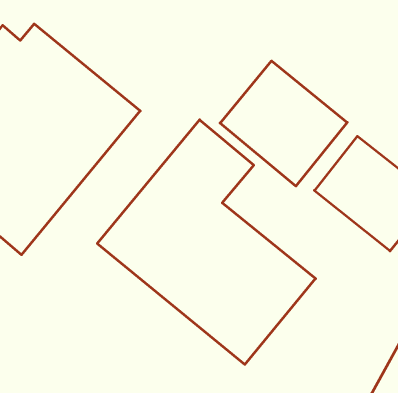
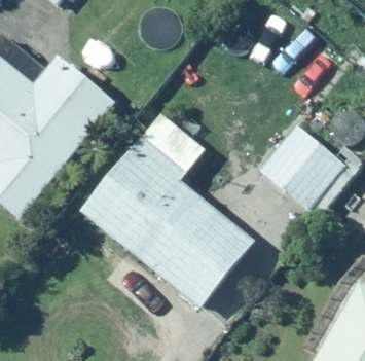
building: [220,61,347,186] -> none

